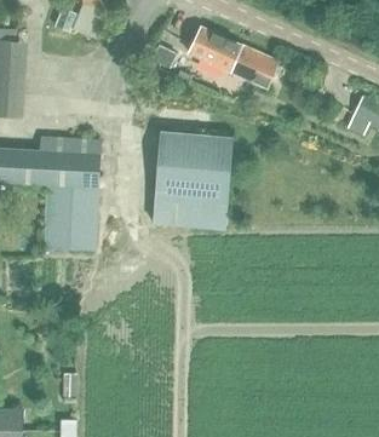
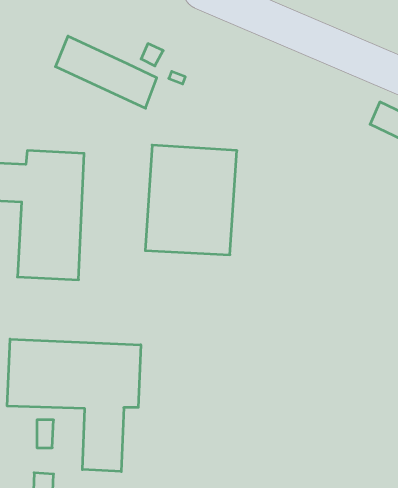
building: [190,27,278,90] -> [55,36,157,108]
building: none -> [7,339,141,472]

